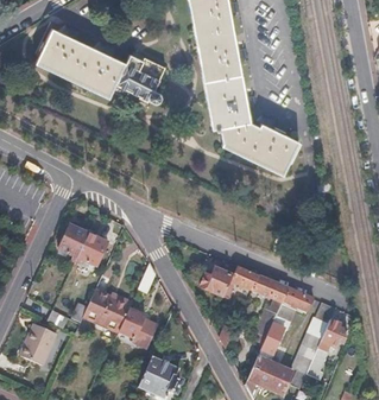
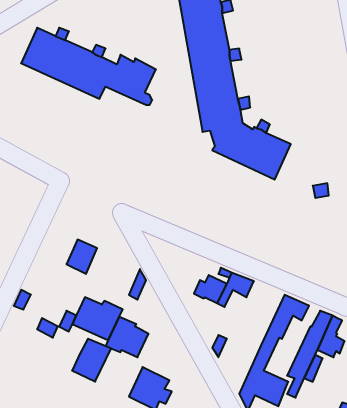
building: [58,224,89,258] -> none
building: [253,274,290,336] -> none
building: [21,323,59,364] -> [72,339,111,382]

